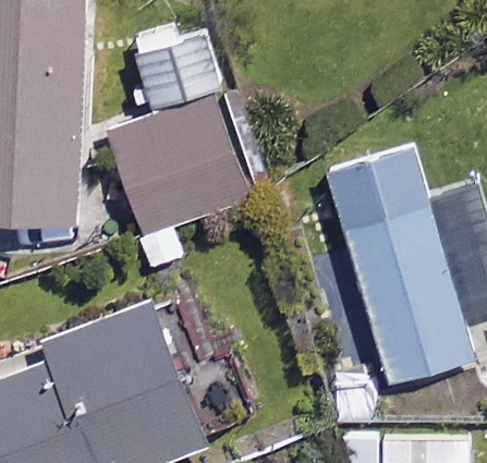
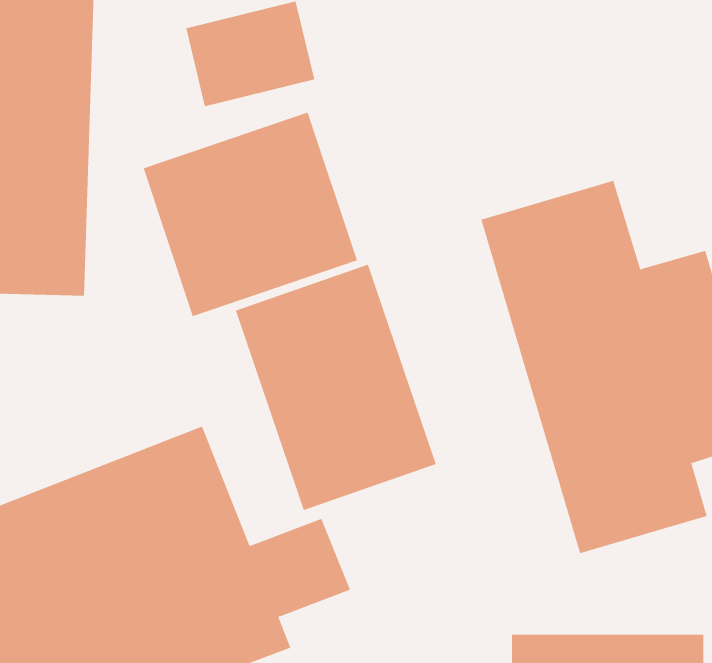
building: none -> [235,264,437,511]

